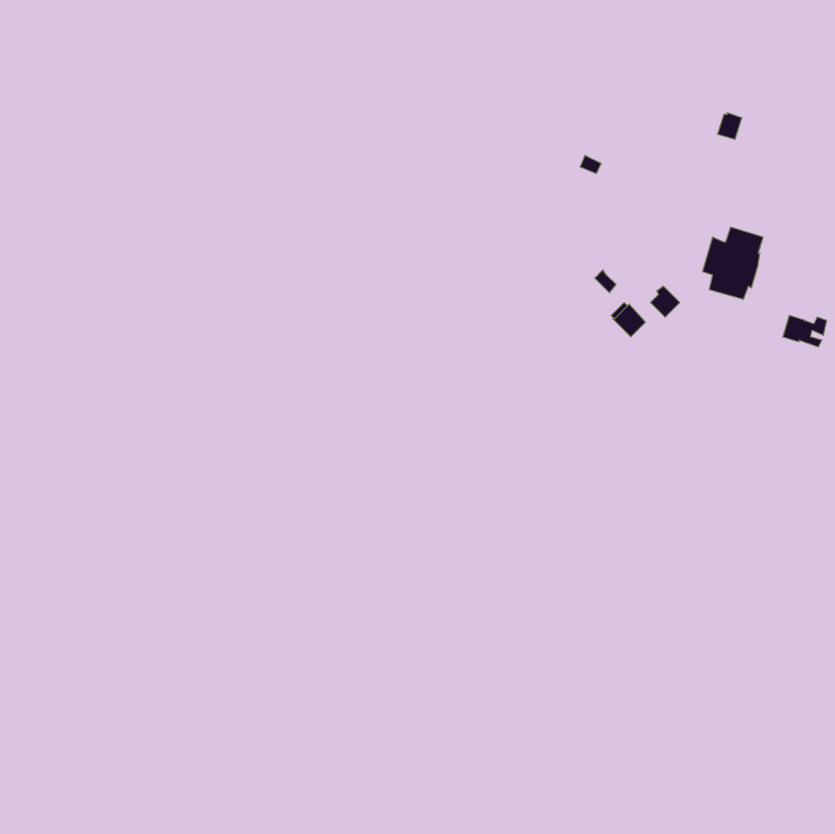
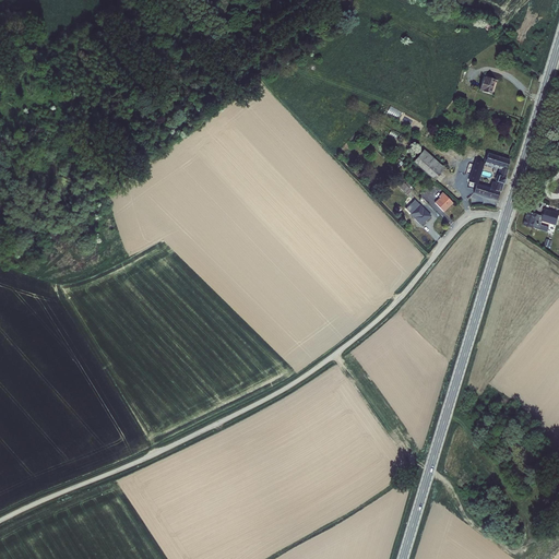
building: none -> [414,148,445,180]

